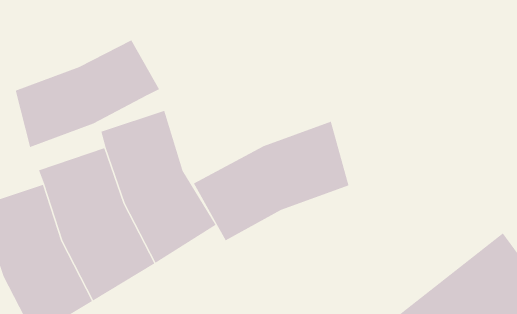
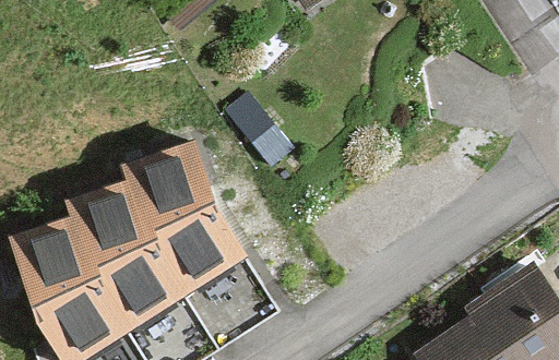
building: [15,39,160,148] -> none
building: [193,121,349,241] -> none

